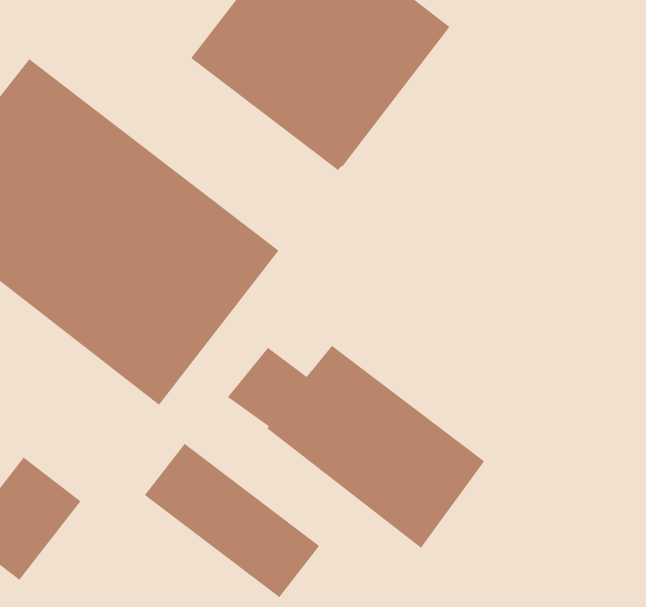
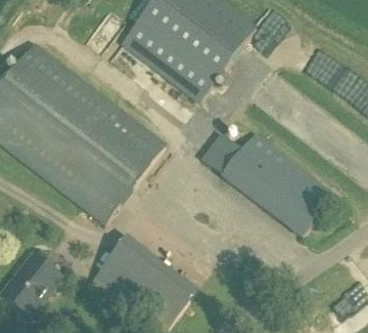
building: [227,345,485,549] -> [198,130,334,238]

